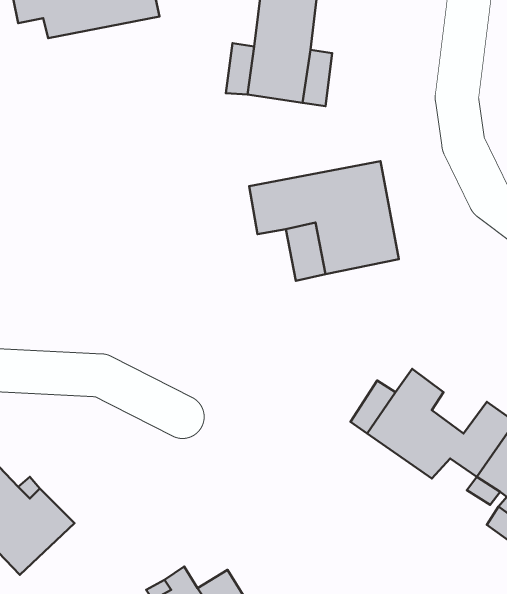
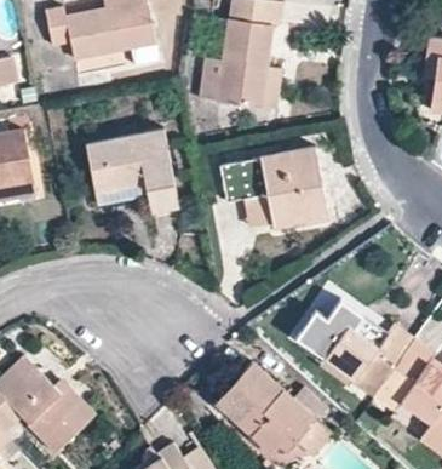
building: none -> [88,130,184,215]
building: none -> [217,362,331,456]

